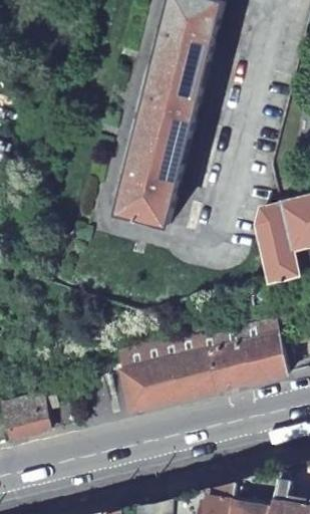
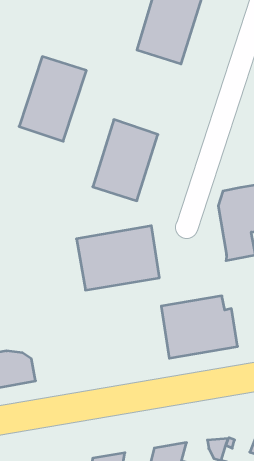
building: [135,63,204,153] -> [19,57,86,141]
building: [119,336,211,410] -> [76,226,159,290]

